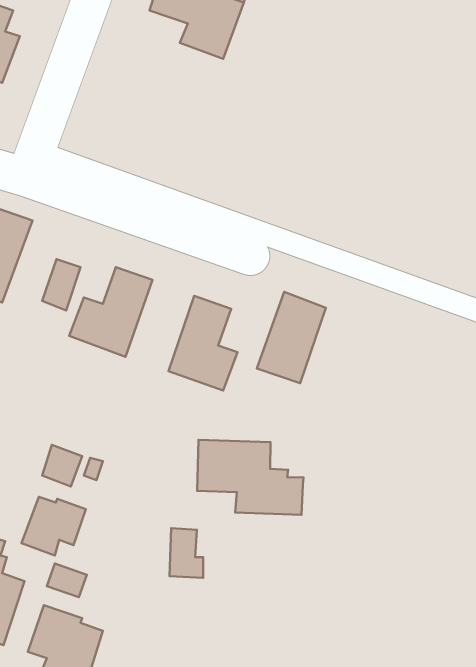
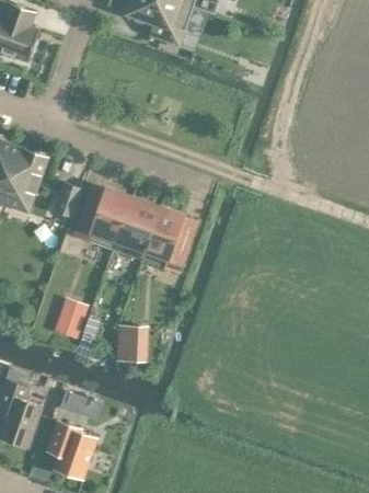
building: [257,292,326,383] -> [112,197,159,260]
building: [197,440,304,515] -> none
building: [21,497,86,556] -> none
building: [170,528,203,578] -> [118,326,141,360]

